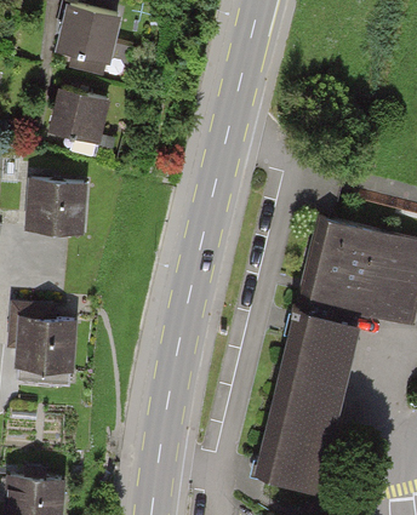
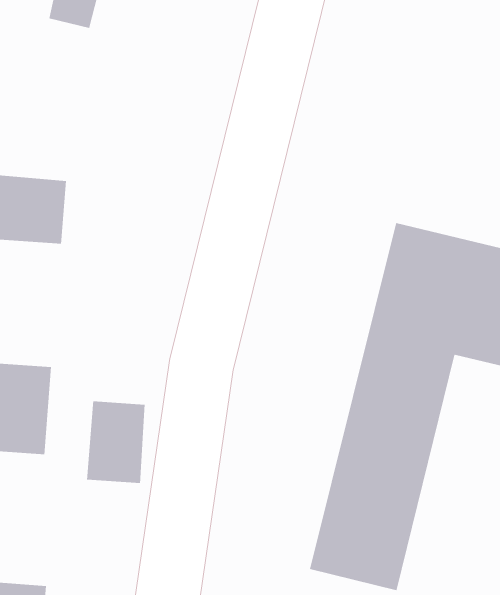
building: [50,88,104,156] -> none
building: none -> [87,400,145,484]

